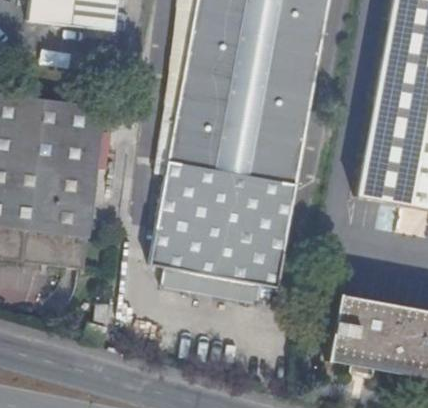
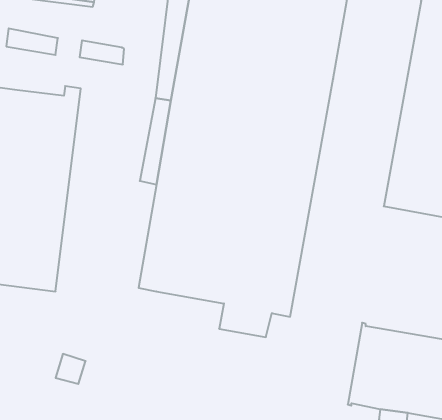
building: [164,267,224,298] -> none

